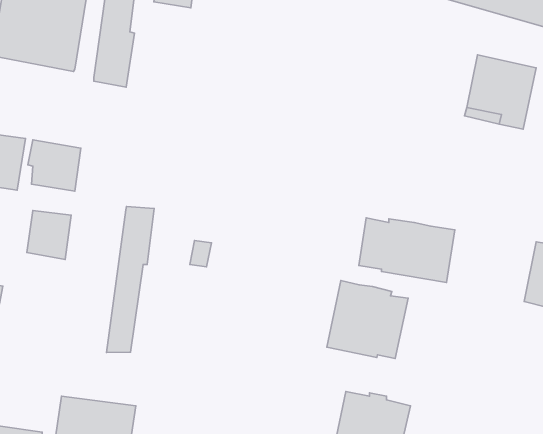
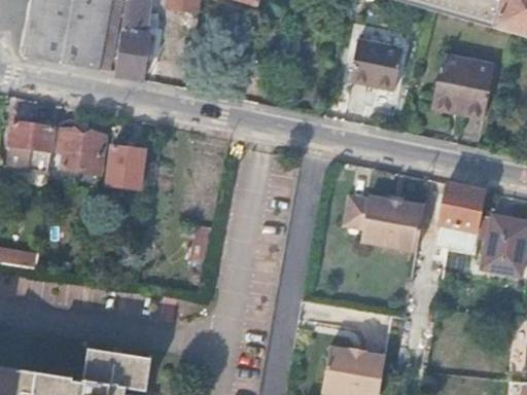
building: none -> [350,39,401,87]
building: none -> [440,181,485,251]
building: [106,206,154,352] -> none
building: [27,211,71,260] -> [107,144,145,186]
building: [327,281,408,359] -> none

